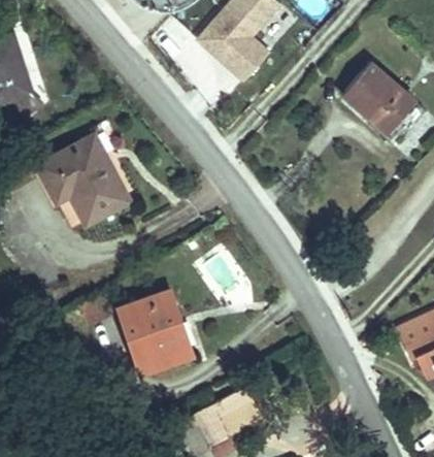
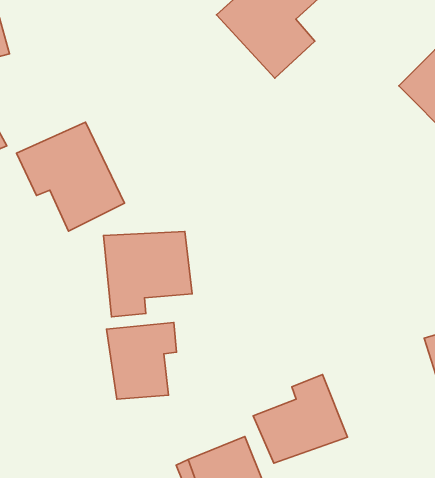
building: none -> [104,232,192,317]
building: none -> [253,375,348,463]

